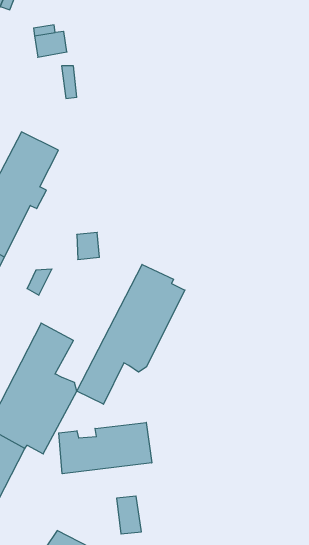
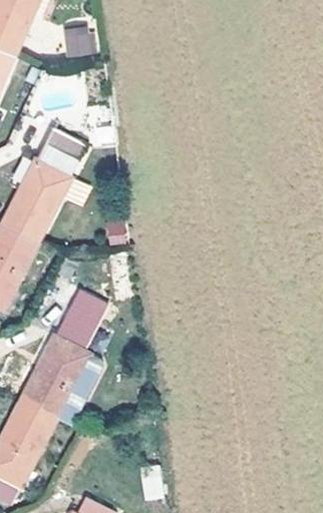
building: [77,264,185,404] -> none
building: [59,422,152,474] -> none

